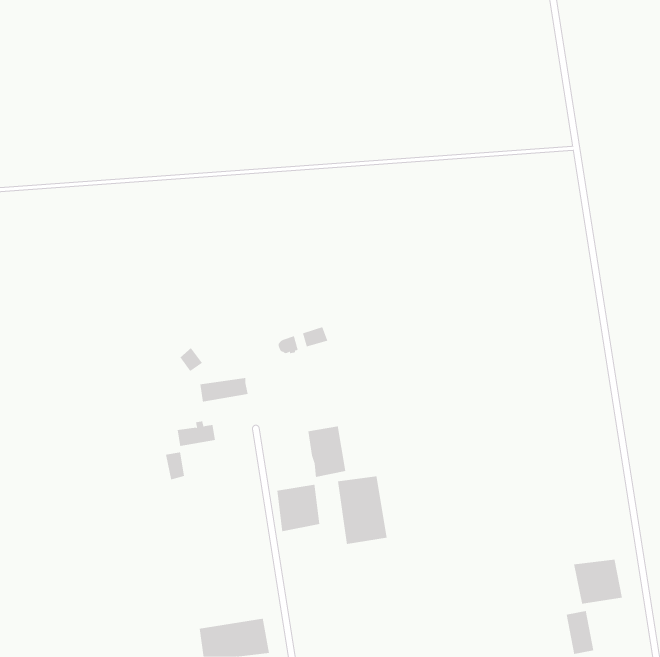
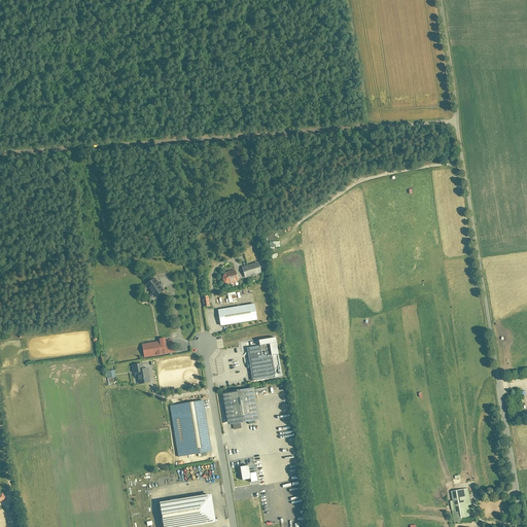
building: [200,378,249,402] -> [219,304,258,323]
building: [337,476,388,544] -> [170,400,210,455]
building: [574,559,623,605] -> none

